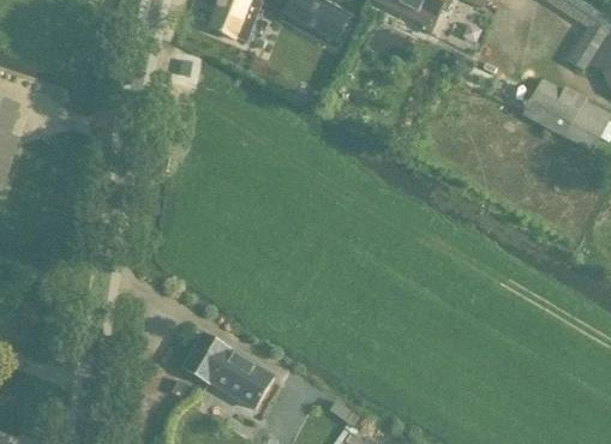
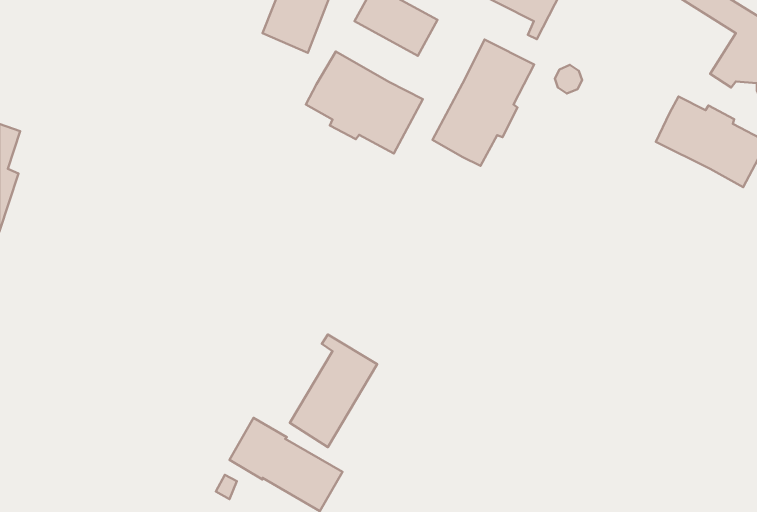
building: none -> [432,39,534,166]
building: none -> [306,51,423,154]
building: none -> [290,334,377,447]

